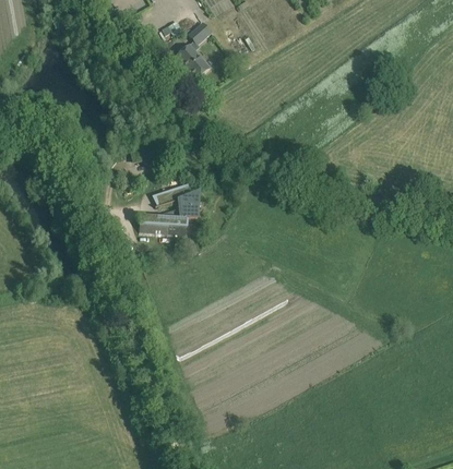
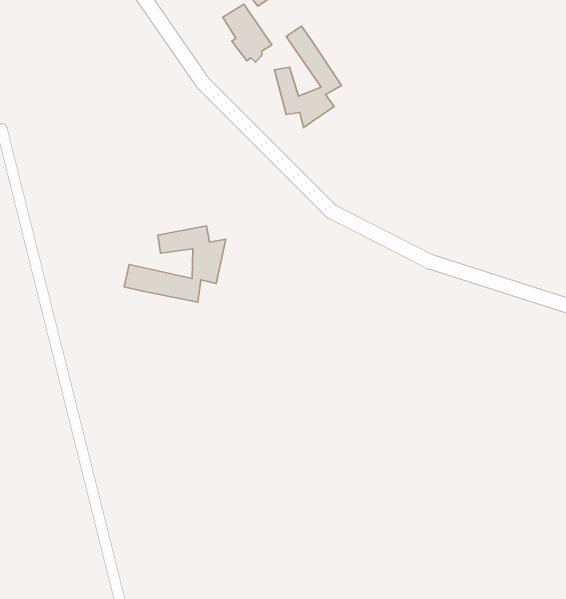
building: none -> [275,26,342,127]

